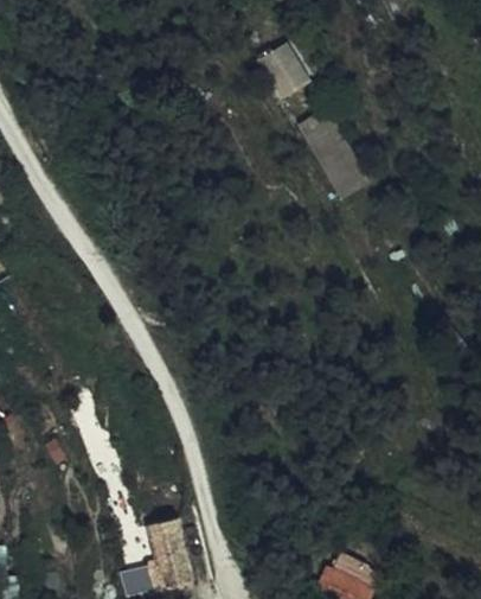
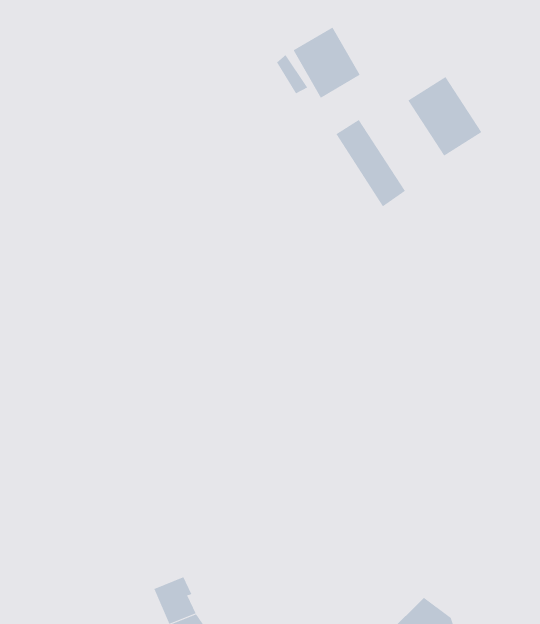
building: none -> [408,76,482,156]

